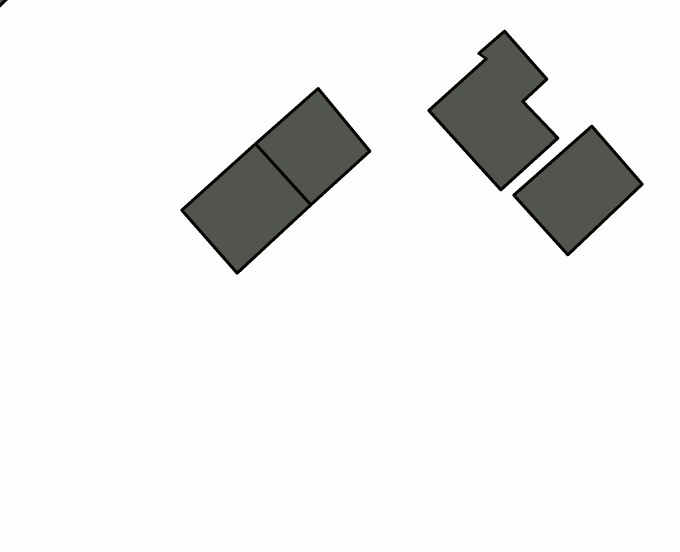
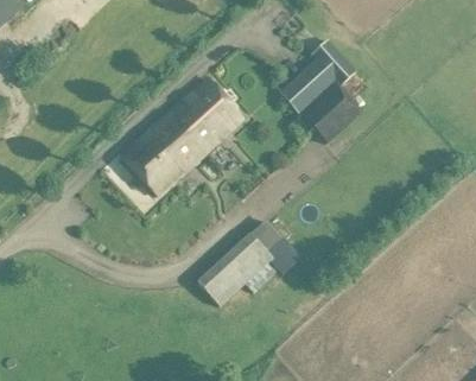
building: [514,126,642,255] -> none
building: none -> [198,218,288,305]

